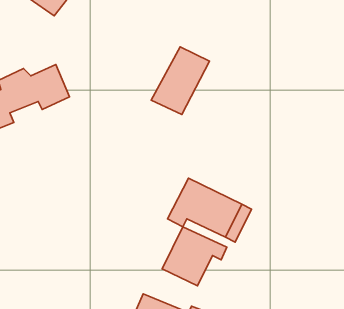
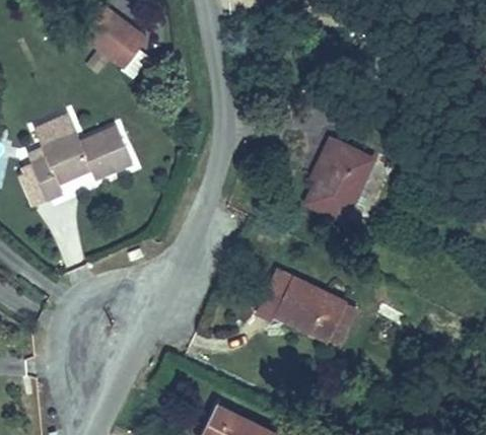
building: [151,47,209,115] -> [299,131,372,216]
building: [162,227,227,286] -> none

